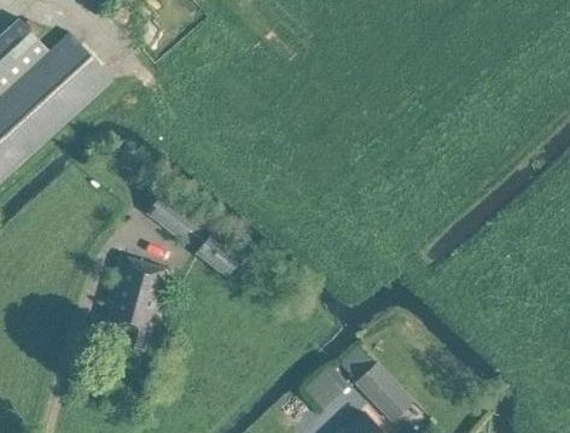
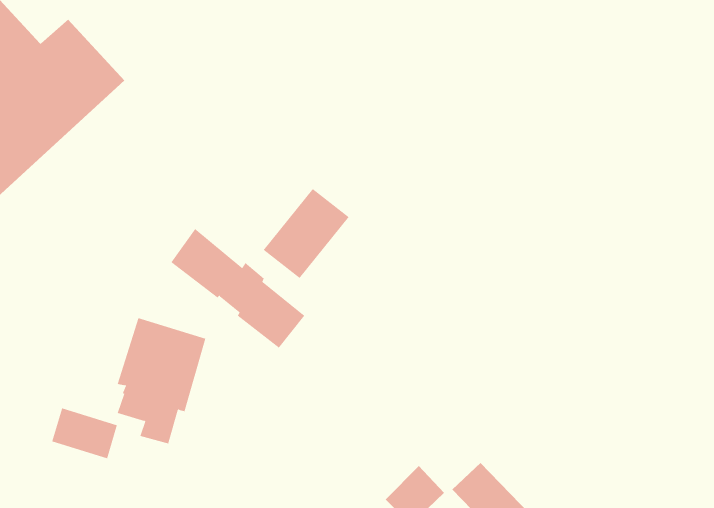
building: none -> [263,188,349,279]
building: none -> [52,407,118,459]

